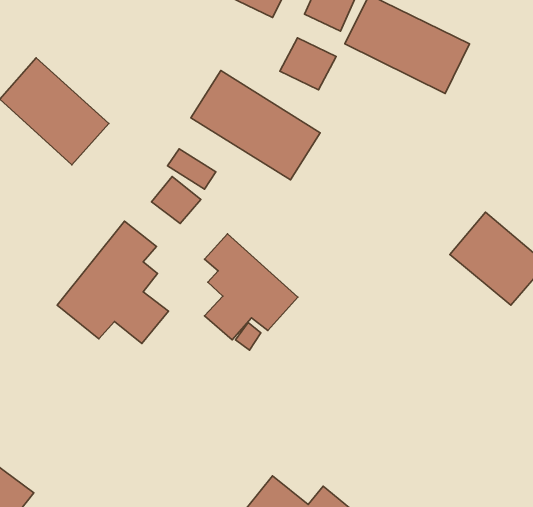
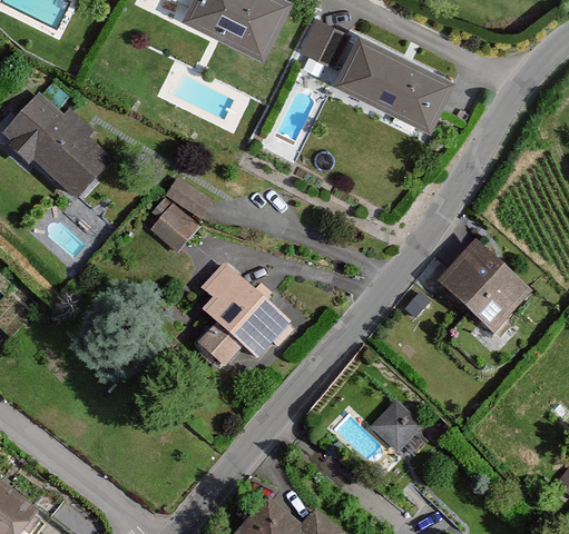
building: [280,38,336,90] -> none
building: [191,70,320,180] -> none
building: [57,221,169,344] -> none
building: none -> [366,400,421,455]

